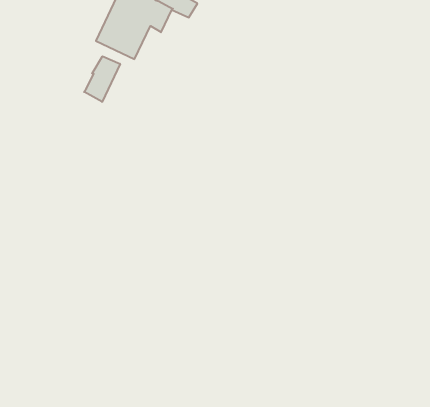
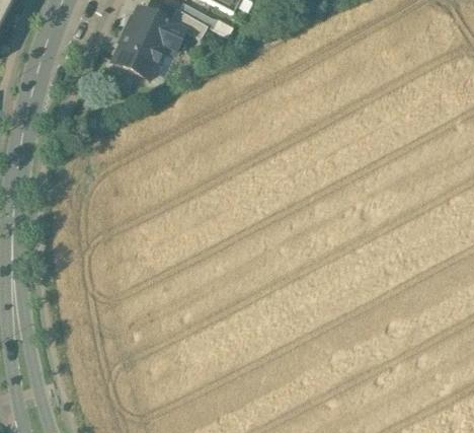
building: [84,56,120,102] -> none

